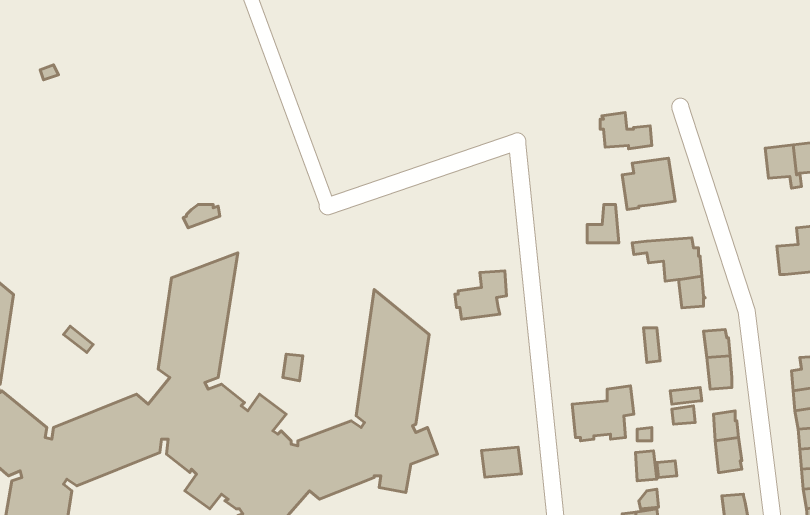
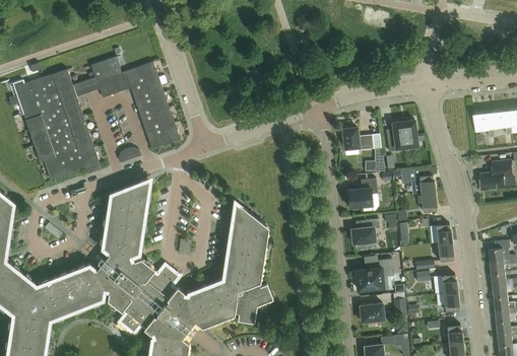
building: none -> [14,57,181,180]
building: [600,112,652,149] -> [341,128,373,150]
building: [455,271,506,319] -> [345,179,377,208]
building: none -> [351,219,379,244]
building: [482,447,522,477] -> [360,303,384,322]

